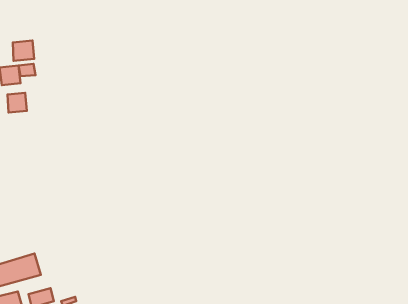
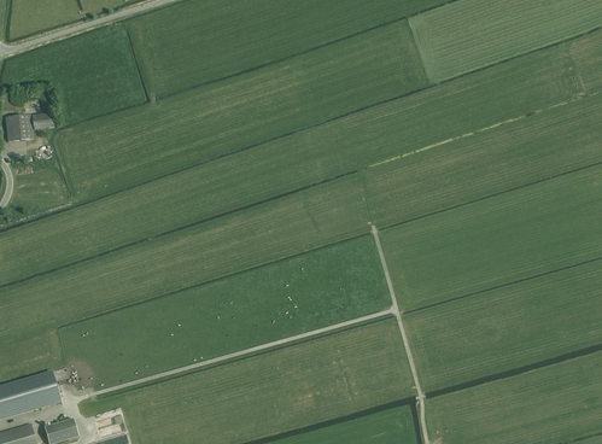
building: [13,40,34,61] -> none
building: [8,93,27,113] -> none

